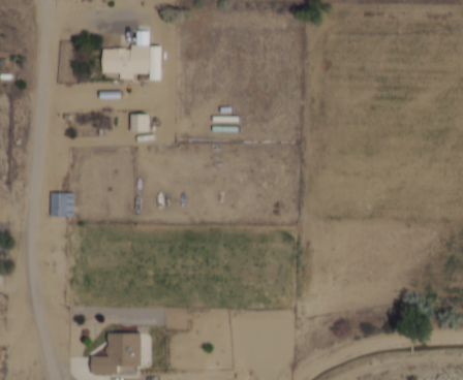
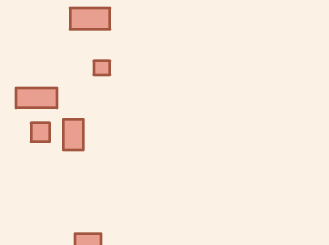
building: none -> [16,88,57,108]
building: none -> [63,119,83,150]

